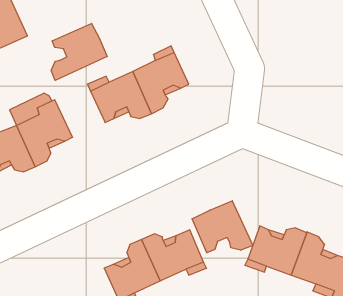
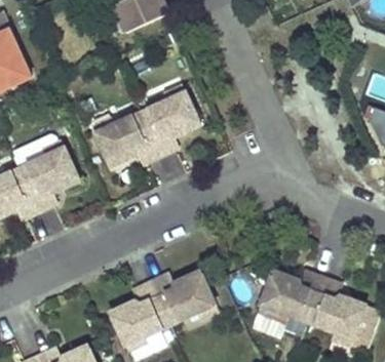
building: [51,23,107,80] -> none
building: [192,201,253,253] -> none

